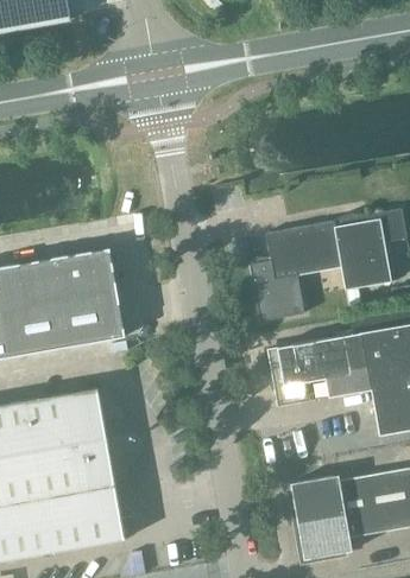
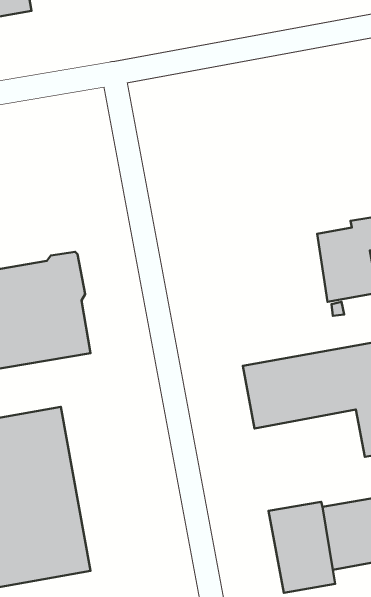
building: [248,222,340,323] -> none

